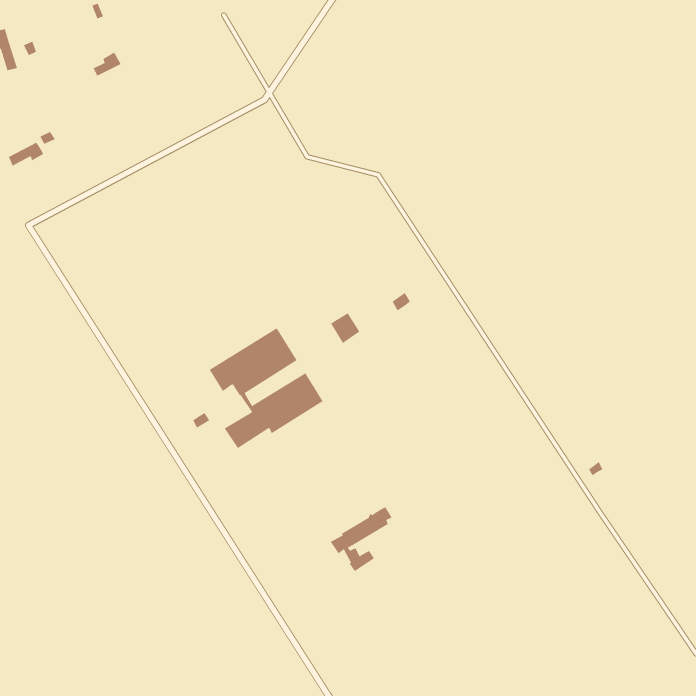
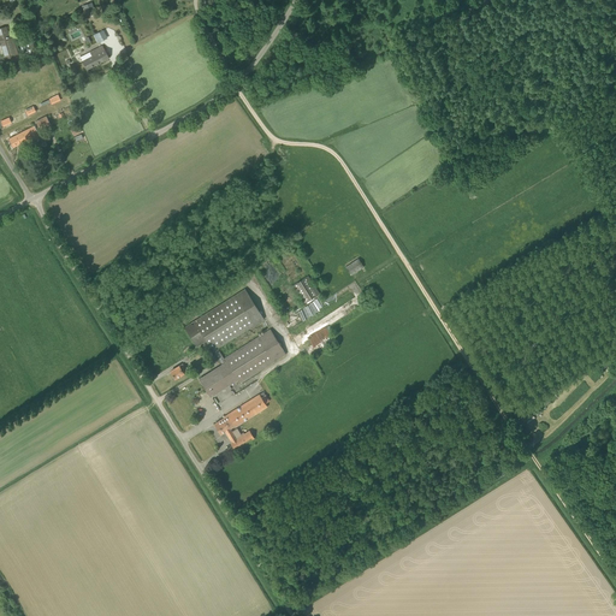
building: [330,506,393,572] -> [213,391,268,449]

